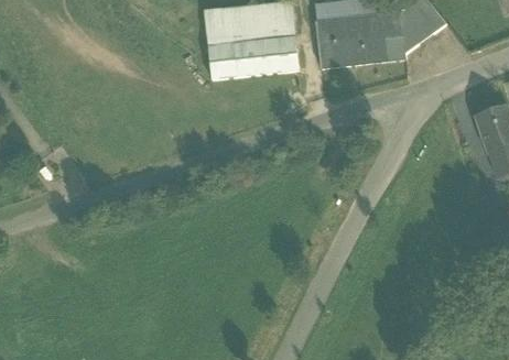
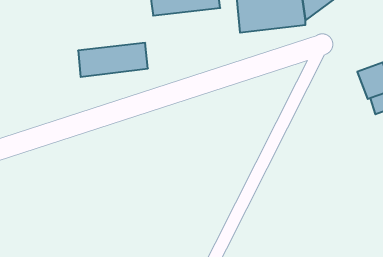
building: [208,35,299,79] -> [78,43,148,77]

